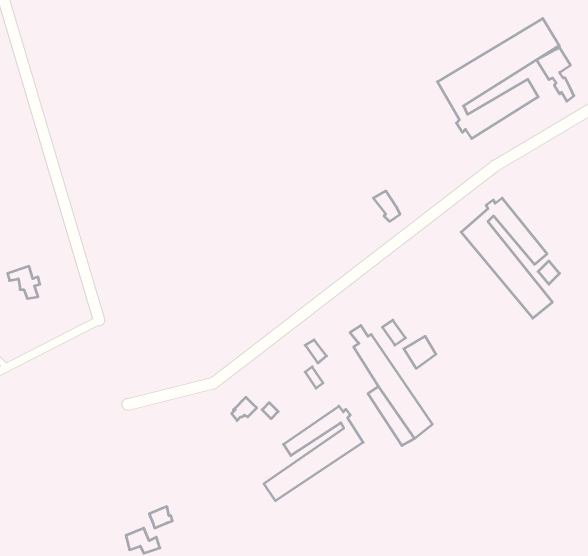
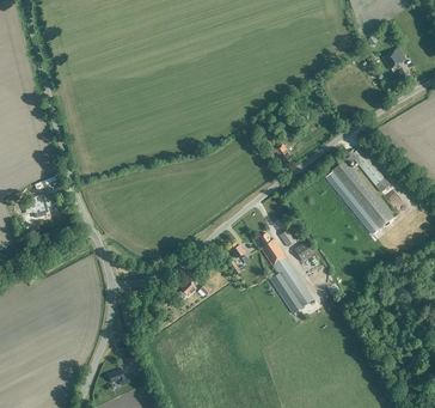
building: [437,18,559,139] -> none
building: [264,406,363,501] -> none

